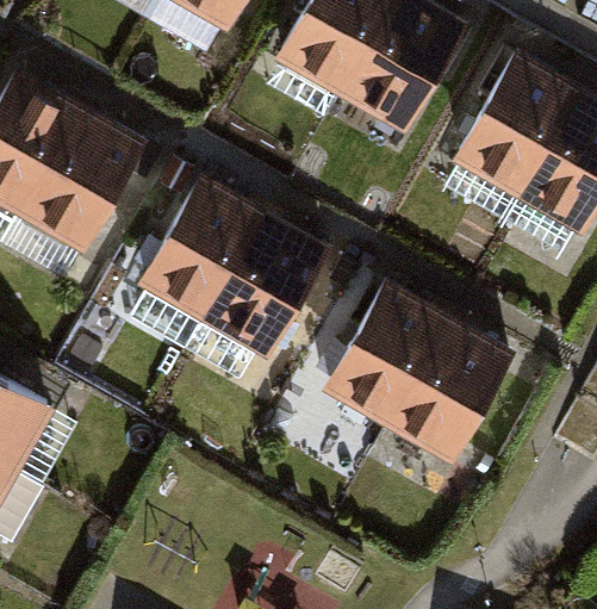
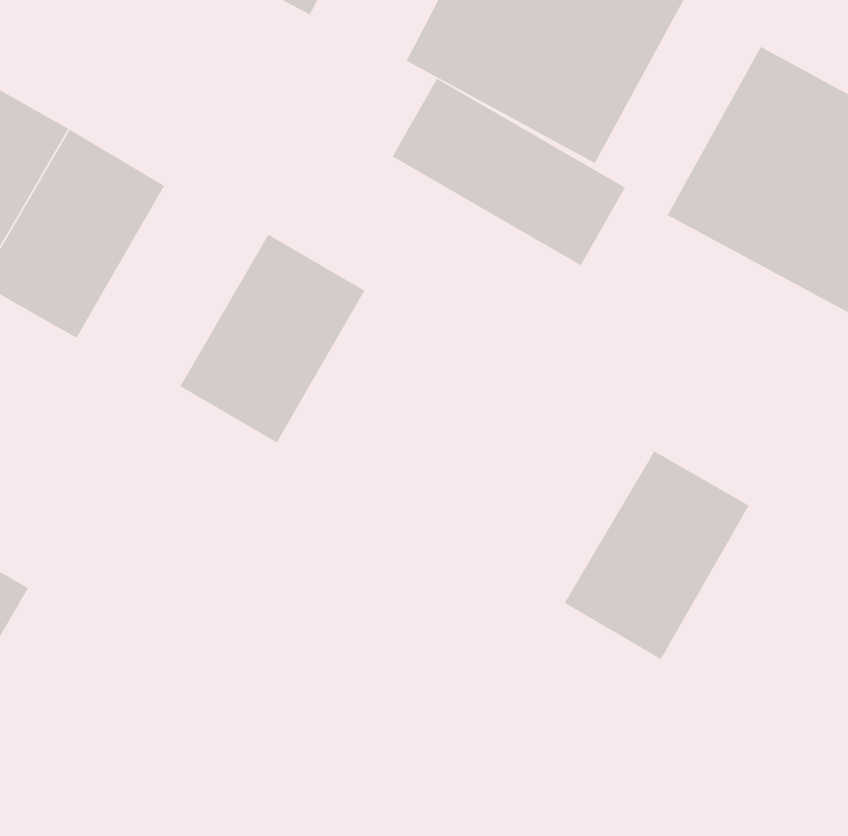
building: none -> [392,78,626,266]
building: [204,217,324,352] -> none
building: [328,284,448,420] -> none

